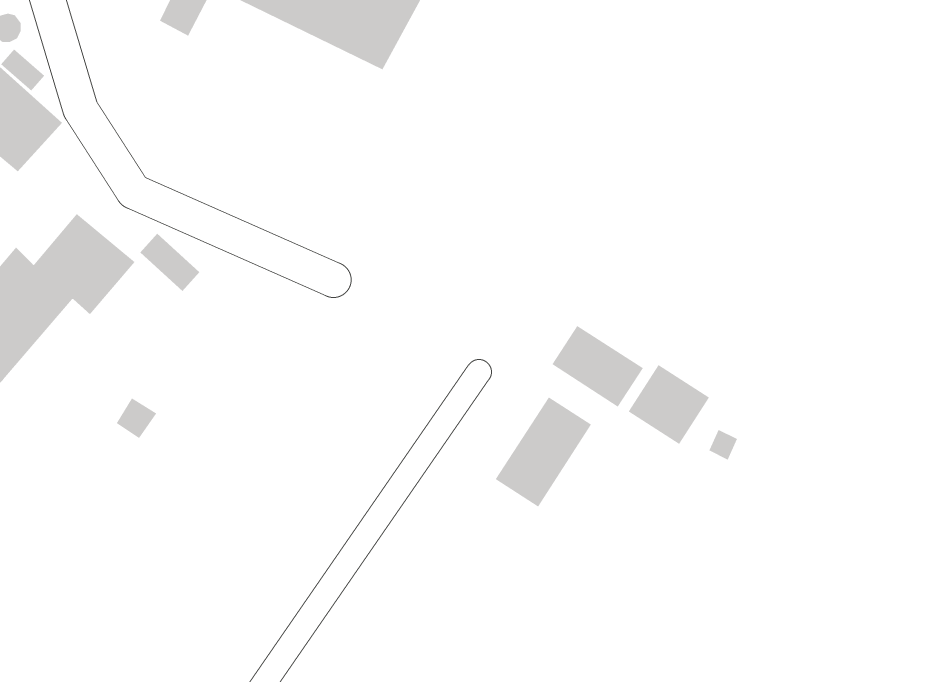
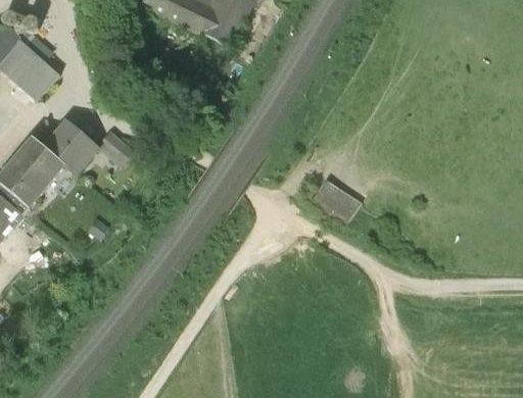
building: [628,364,710,445] -> none
building: [495,396,592,507] -> none

